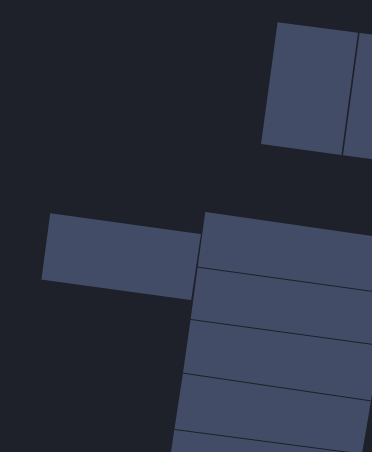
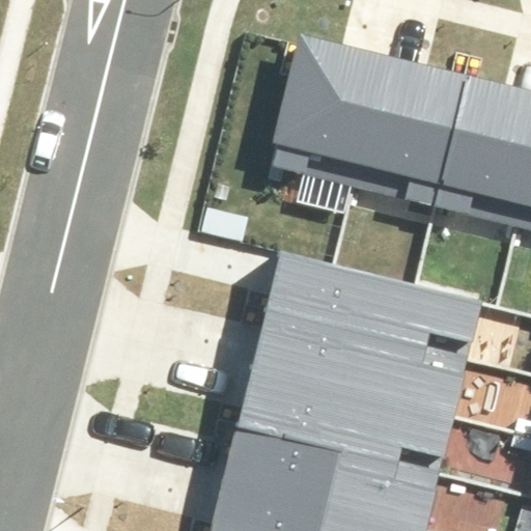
building: none -> [272,35,382,186]
building: [41,213,202,301] -> none

